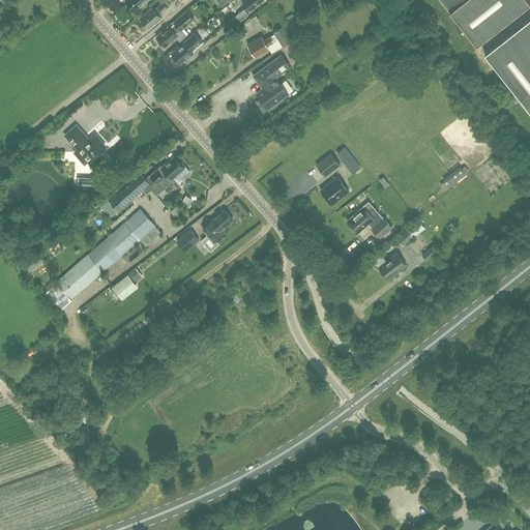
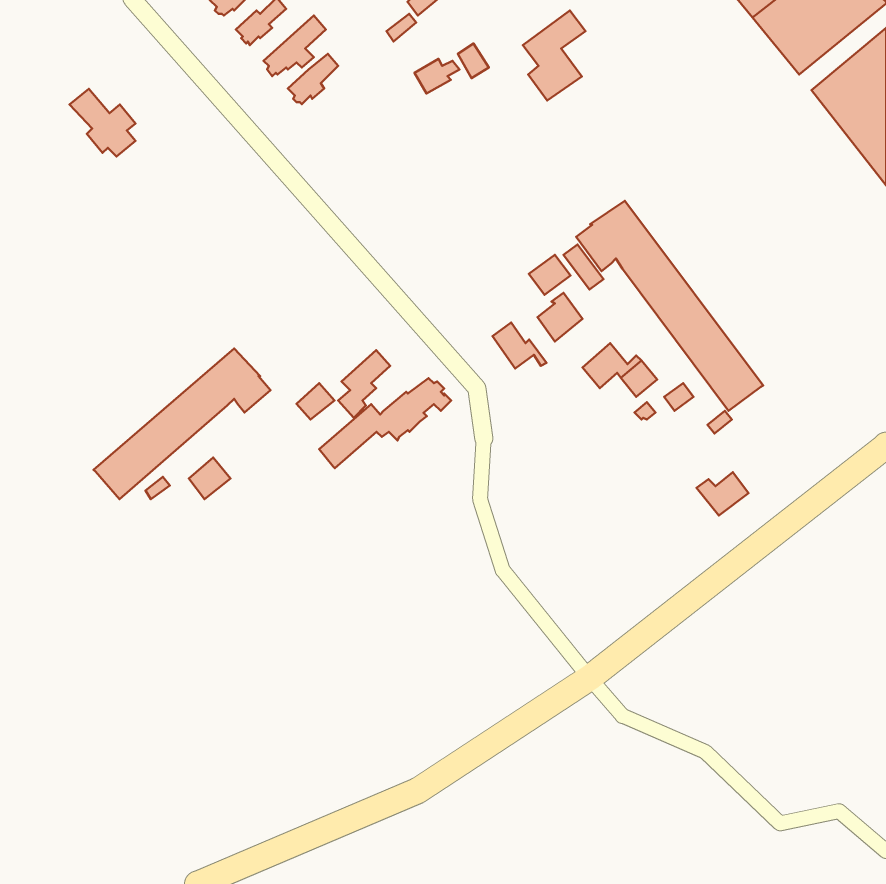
building: [254,54,291,108] -> [523,10,585,101]
building: none -> [576,201,763,411]
building: [65,125,105,166] -> [70,89,136,156]
building: [110,157,188,211] -> [319,378,451,468]
building: none -> [493,323,546,369]
building: [375,252,406,277] -> [696,472,748,516]

